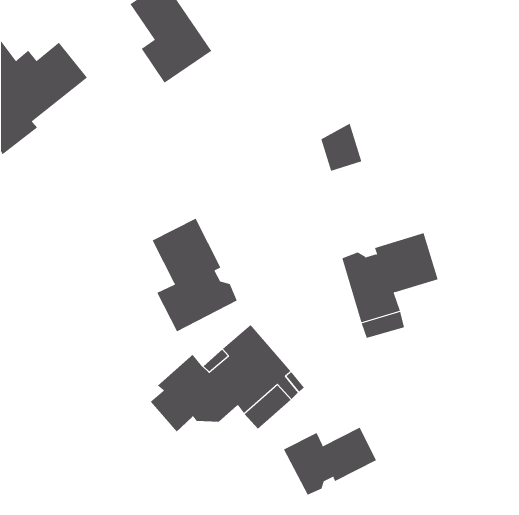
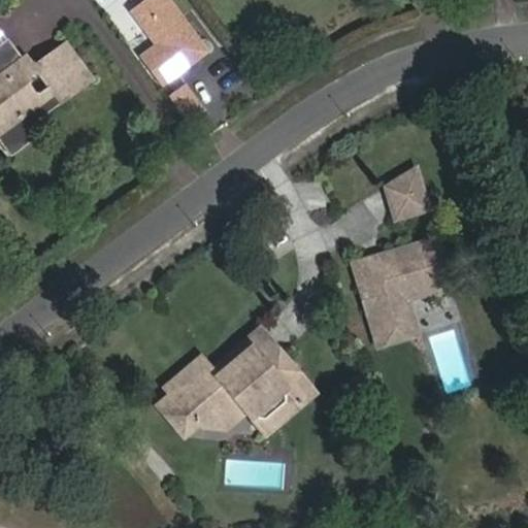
building: [320,123,362,172] -> [381,167,423,217]
building: [152,218,238,332] -> none
building: [283,427,377,496] -> none

